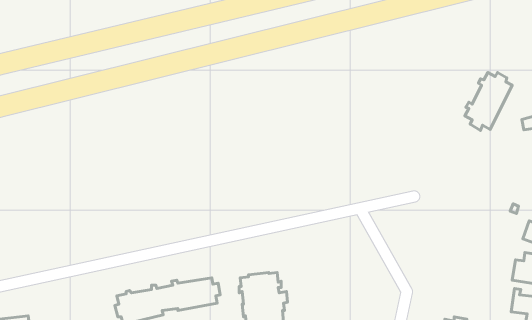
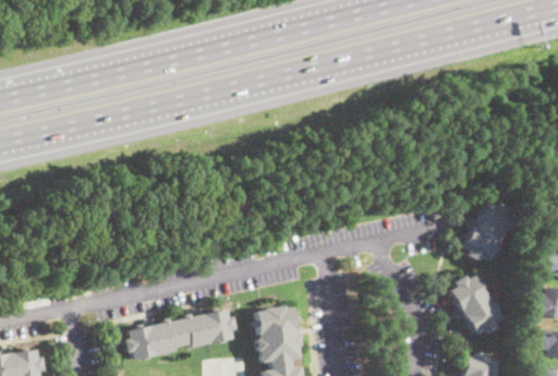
building: [465,72,512,131] -> [463,202,512,262]
building: none -> [449,276,501,335]

